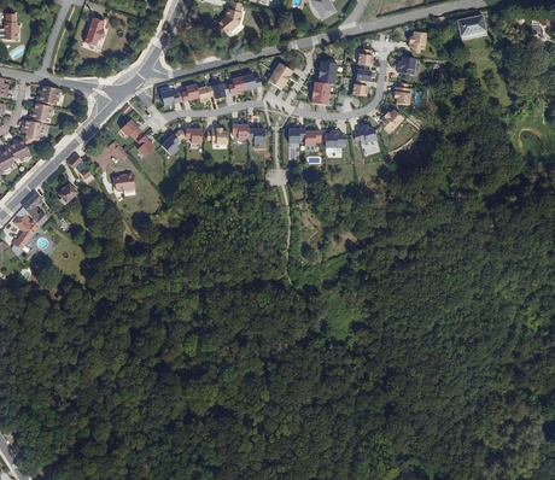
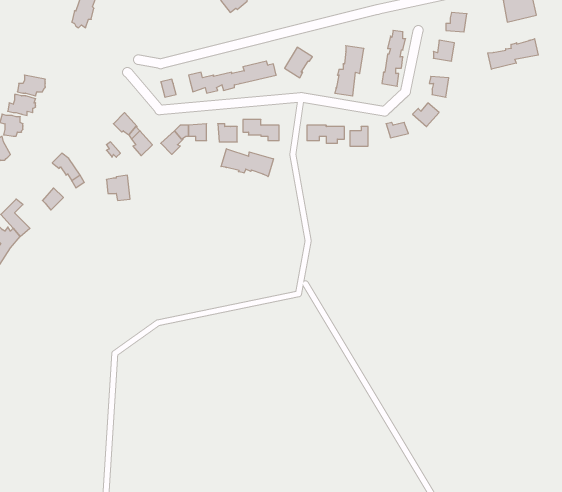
building: none -> [488,39,538,69]
building: none -> [221,149,273,177]

